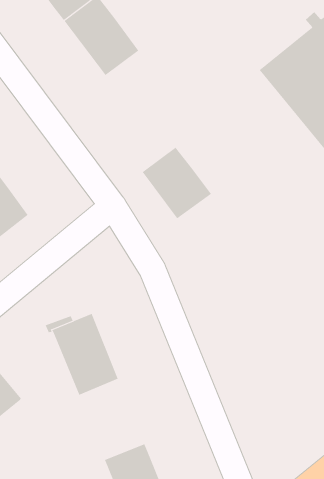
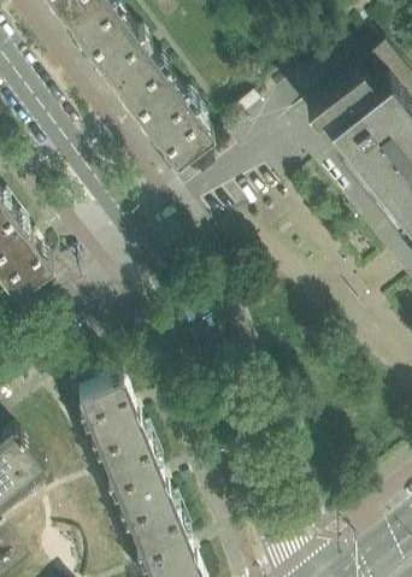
building: [142,147,212,219] -> [136,89,213,169]
building: none -> [107,451,179,540]

